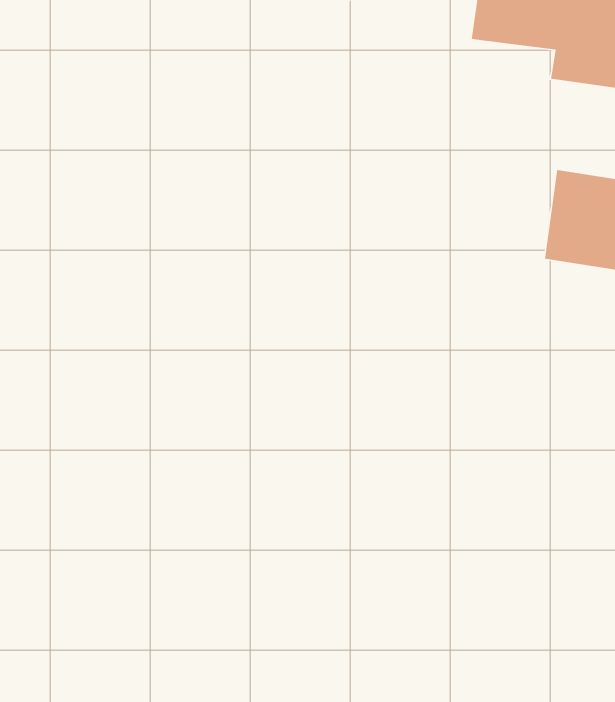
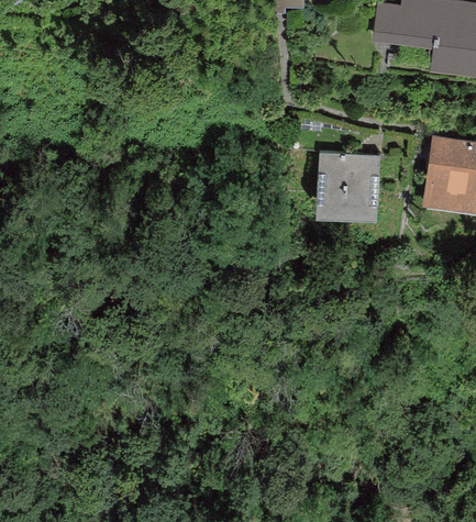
building: none -> [316,149,380,212]

